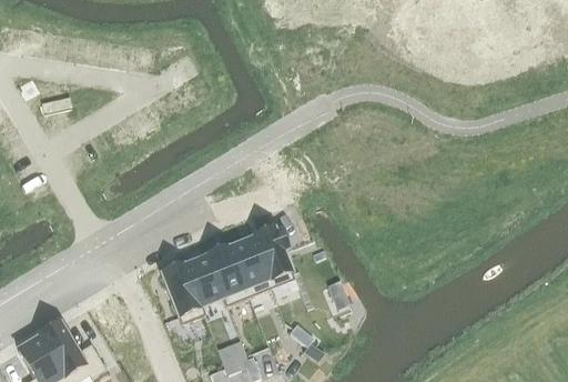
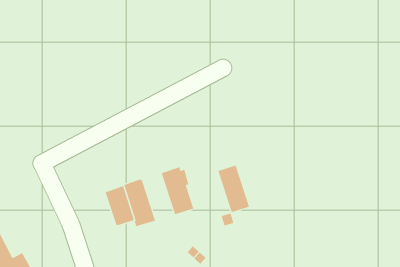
building: [230,237,272,295] -> [217,165,250,213]
building: [161,264,205,322] -> none

